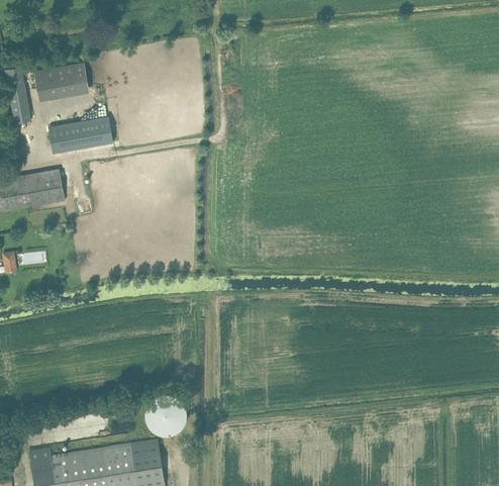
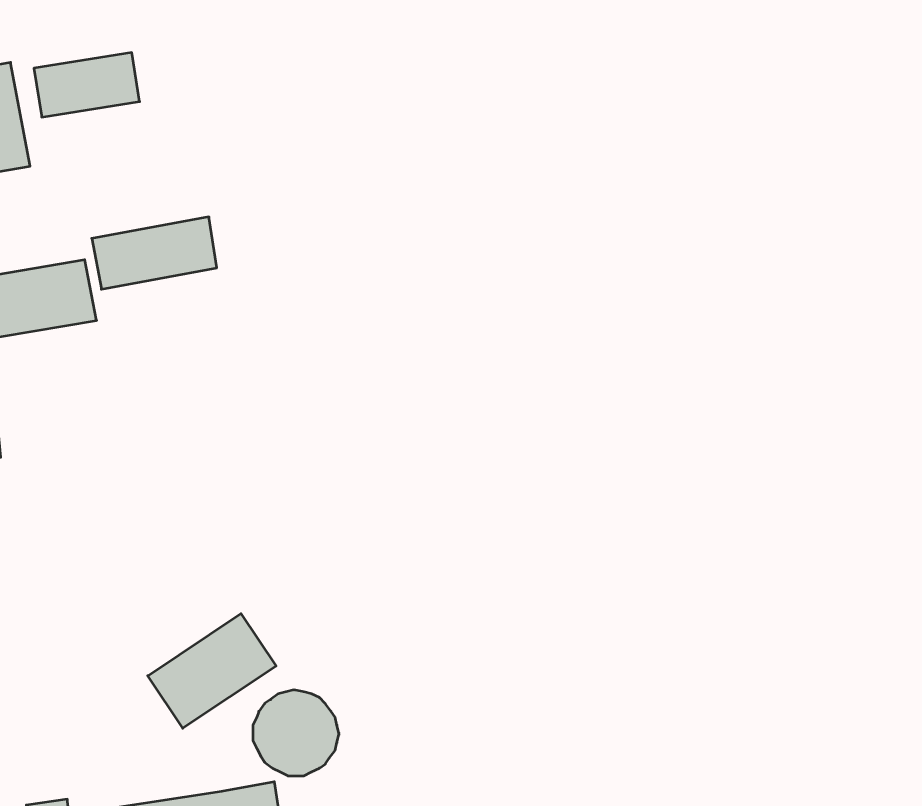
building: [47,116,112,154] -> [92,217,217,289]
building: none -> [148,614,276,728]

